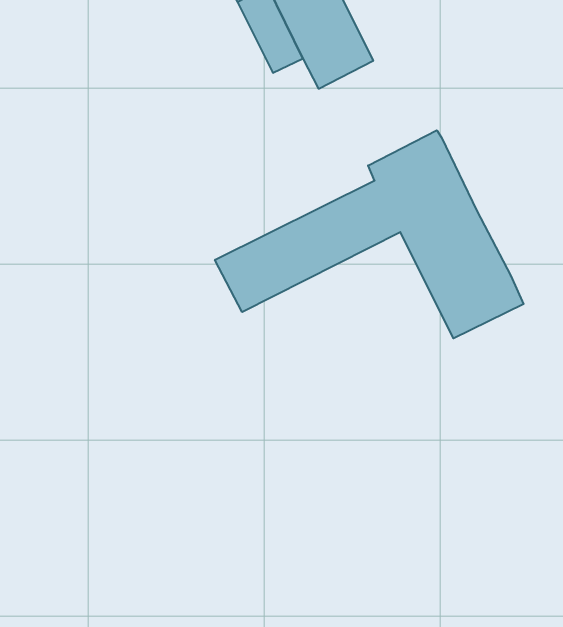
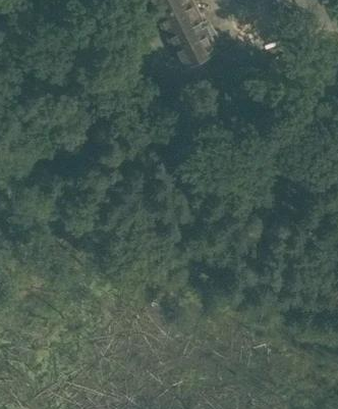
building: [215,130,524,338] -> none

